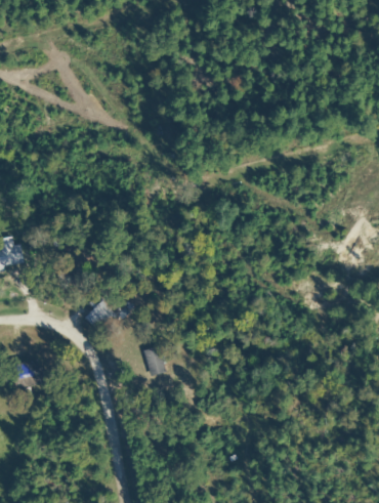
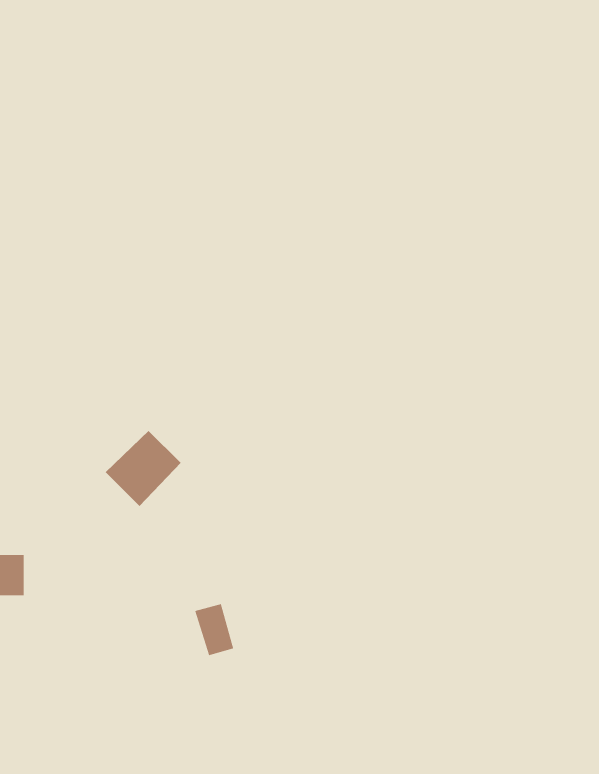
building: [142,346,165,376] -> [194,603,234,656]

